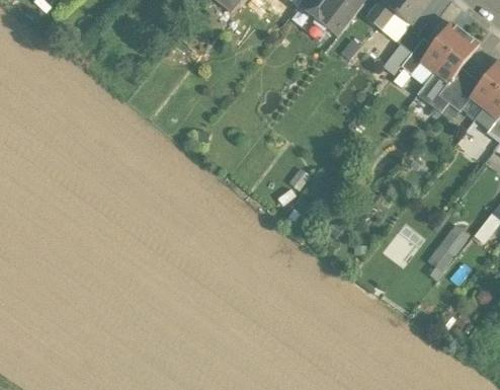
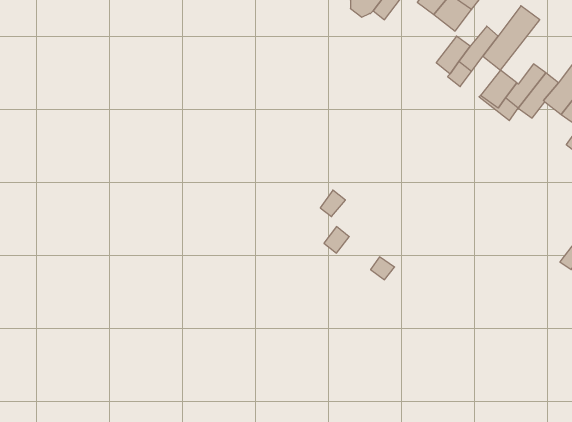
building: [433,31,479,83] -> none
building: [426,226,468,274] -> none

